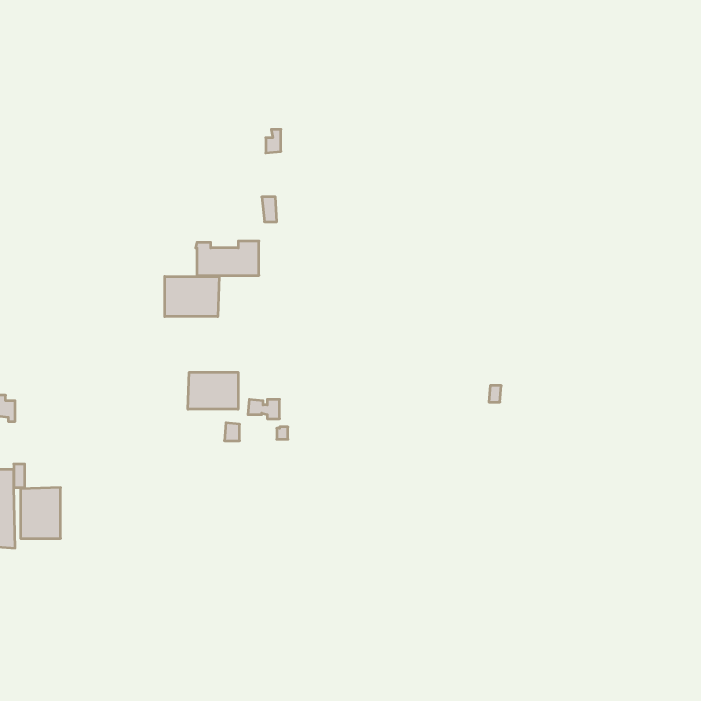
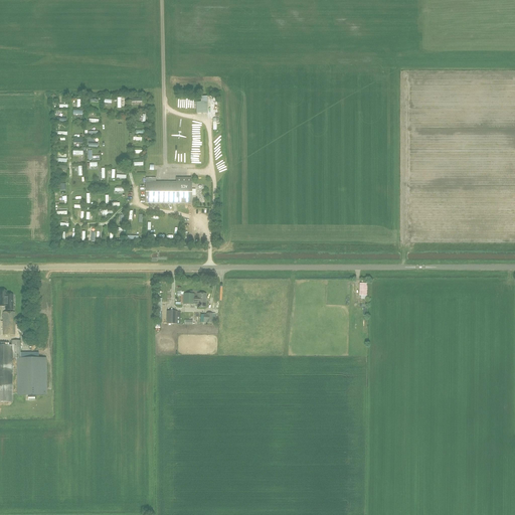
building: [165,276,219,317] -> none
building: [188,372,238,409] -> none

